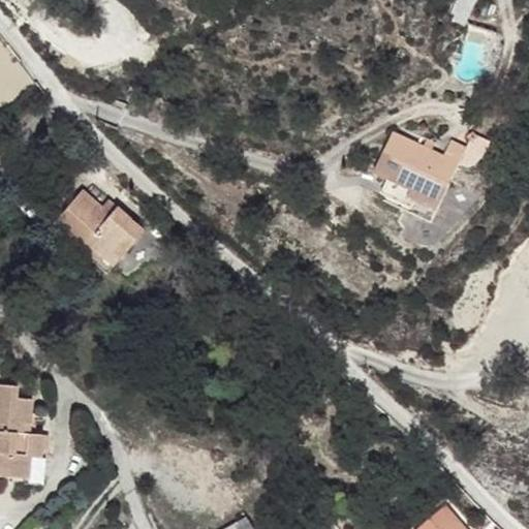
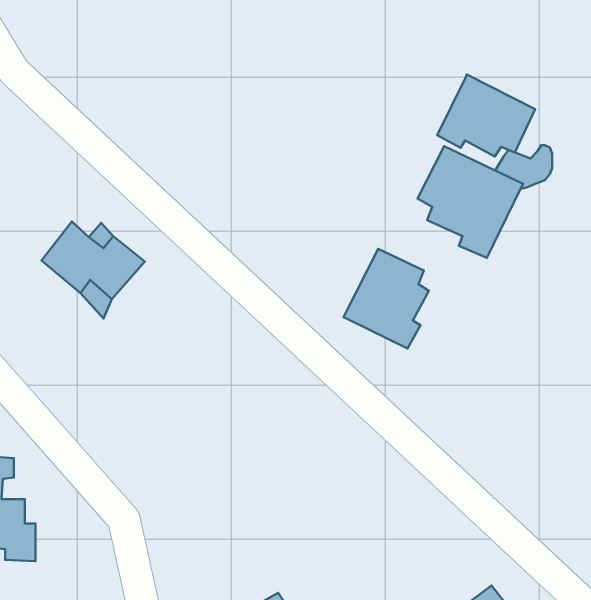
building: none -> [437,75,535,157]
building: none -> [344,249,429,349]

